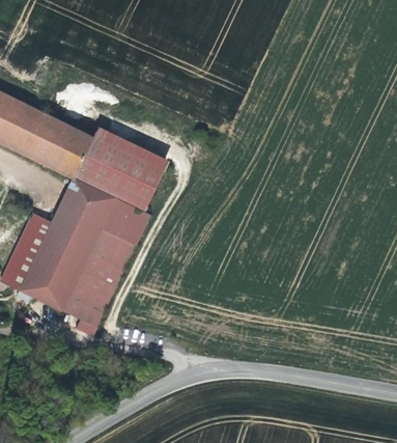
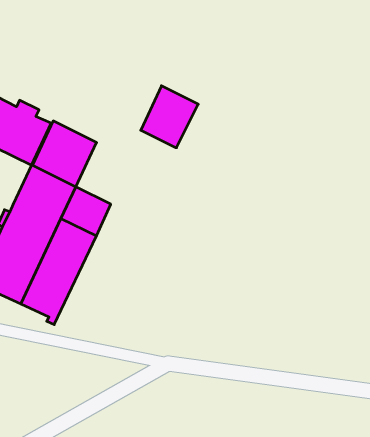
building: [114,155,169,214] -> [141,86,198,148]

